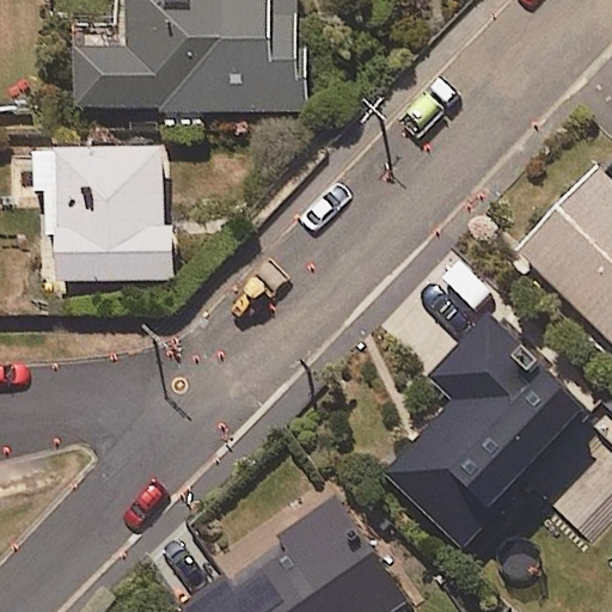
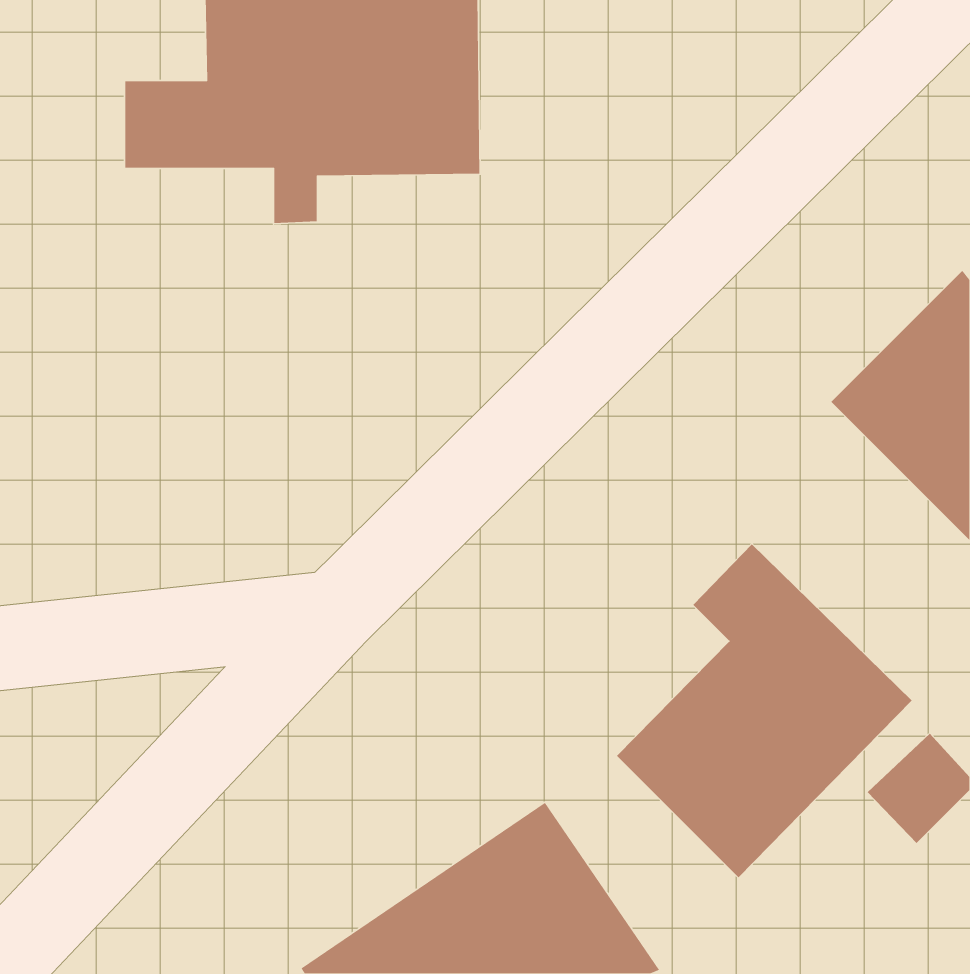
building: [37,147,175,280] -> none

